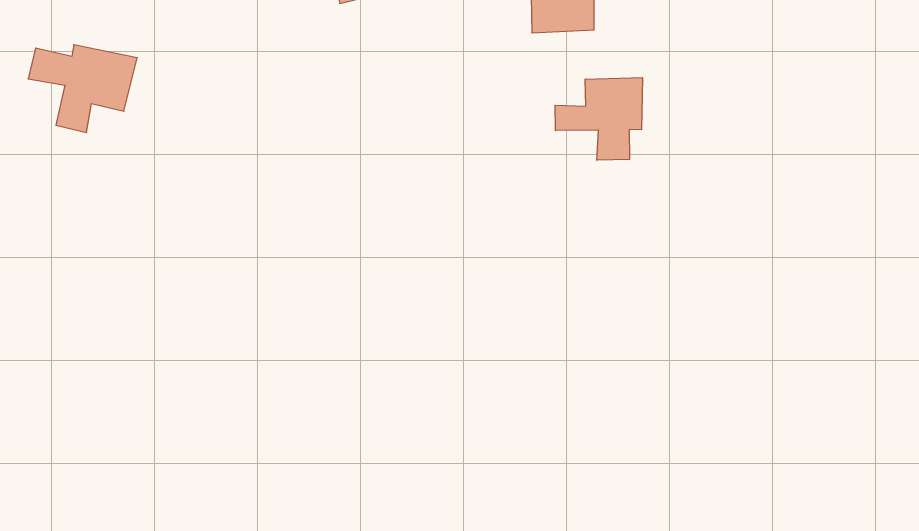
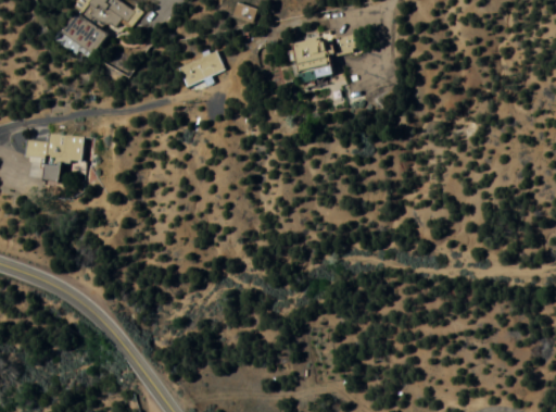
building: [555,78,643,160] -> none

